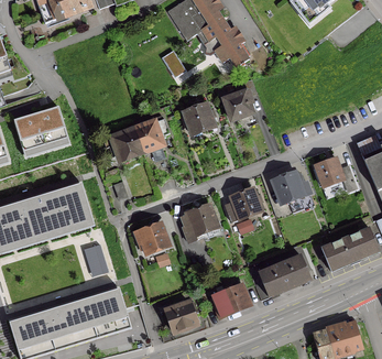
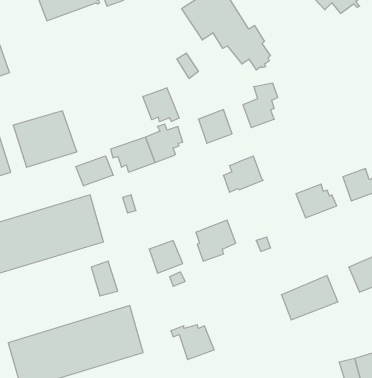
building: none -> [143,88,179,122]
building: none -> [76,156,113,186]
building: [225,188,261,221] -> [223,156,263,192]
building: [207,284,249,317] -> none

